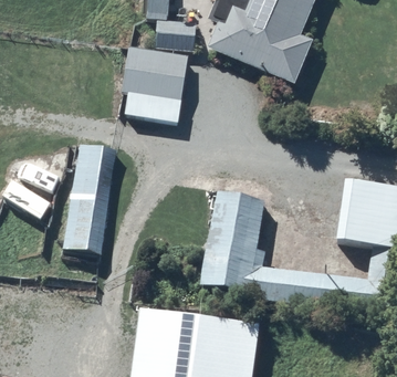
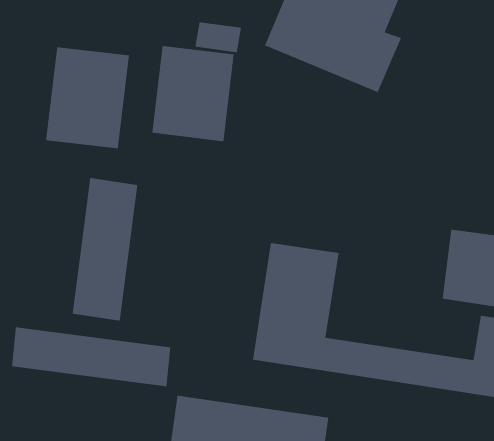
building: none -> [45,46,129,149]
building: none -> [12,327,171,387]

